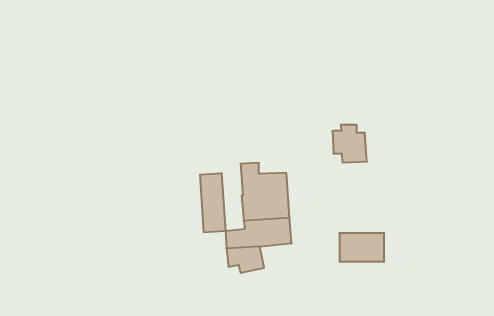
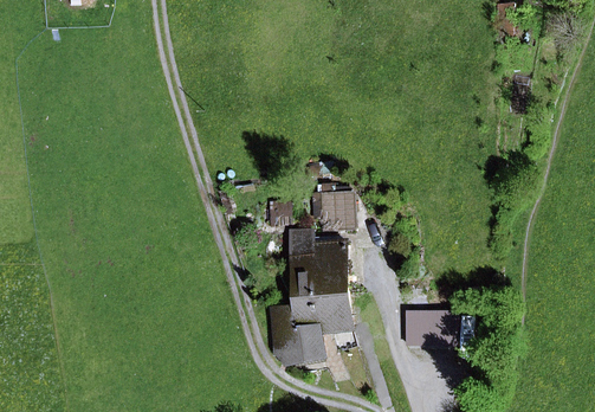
building: [332,125,367,163] -> [311,185,351,228]
building: [200,173,225,232] -> none

